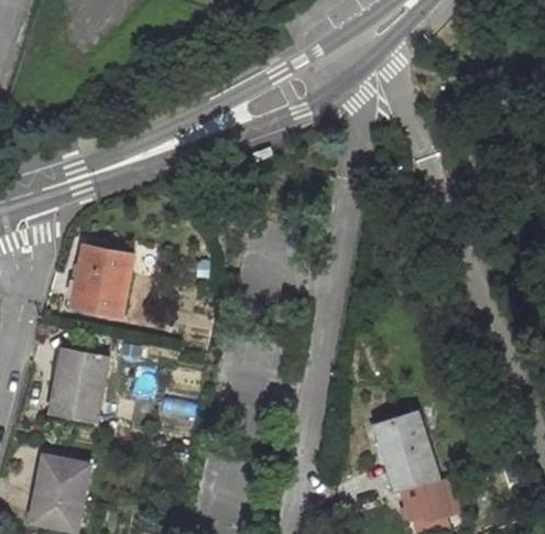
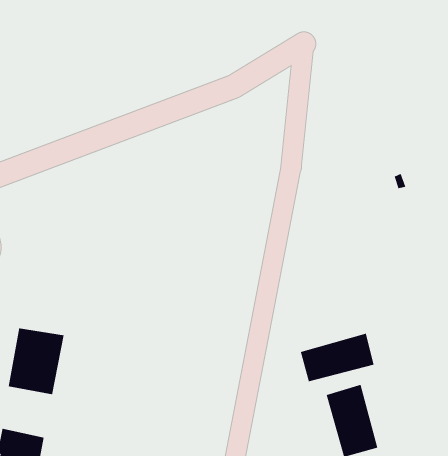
building: [67,246,128,315] -> none
building: none -> [300,333,374,382]

